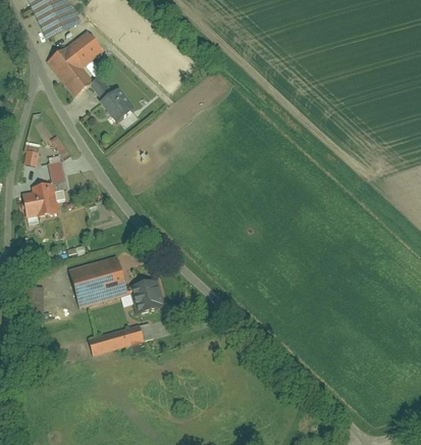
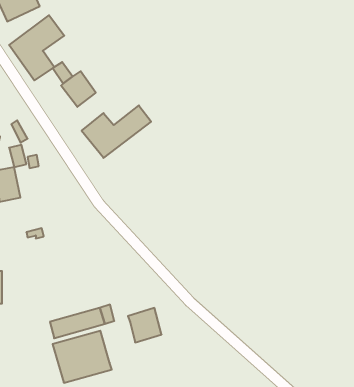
building: none -> [82,105,151,158]
building: [68,255,127,307] -> [53,331,112,383]
building: [130,278,164,312] -> [128,308,162,342]

